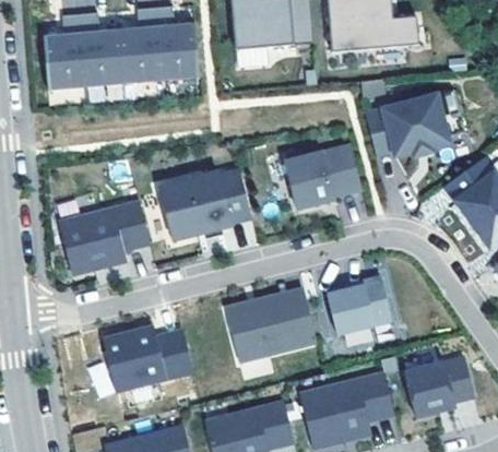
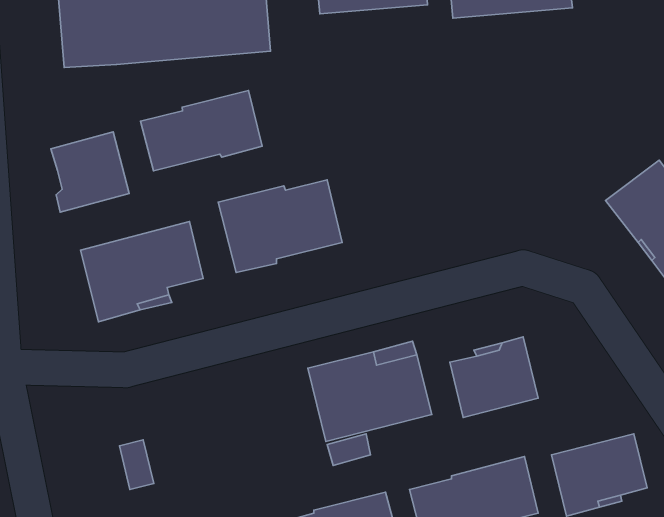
building: [365,90,464,157] -> none
building: none -> [140,90,262,171]
building: none -> [51,132,129,212]
building: [285,144,361,209] -> none
building: [103,325,193,391] -> none

